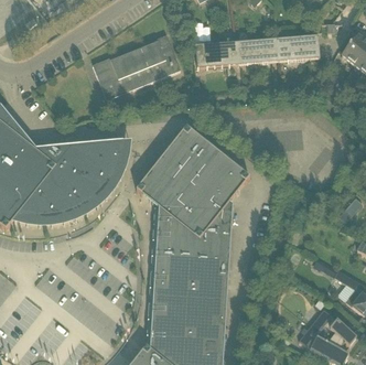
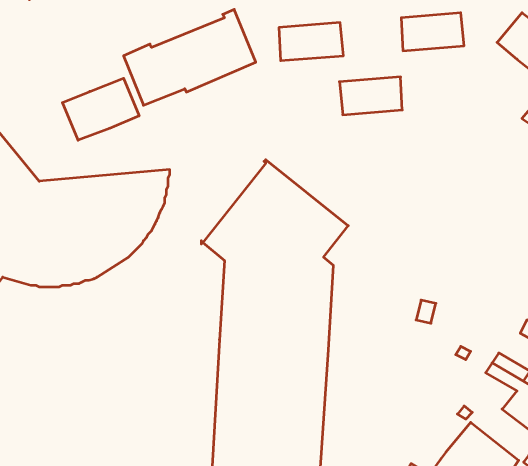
building: [237,39,279,64] -> [339,77,402,115]
building: none -> [62,78,139,140]

